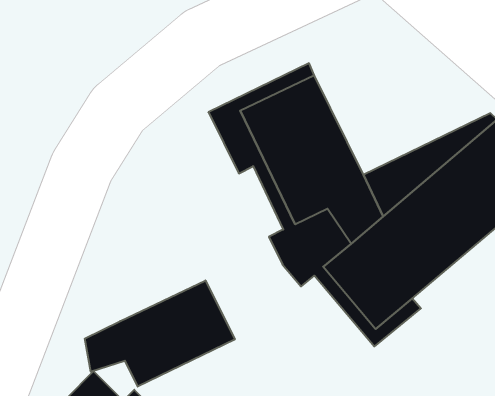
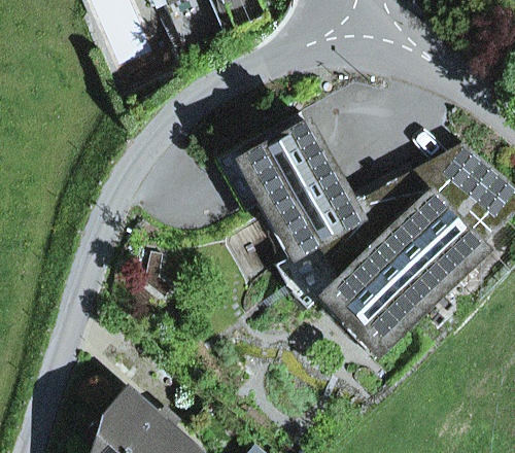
building: [85,280,235,387] -> none

